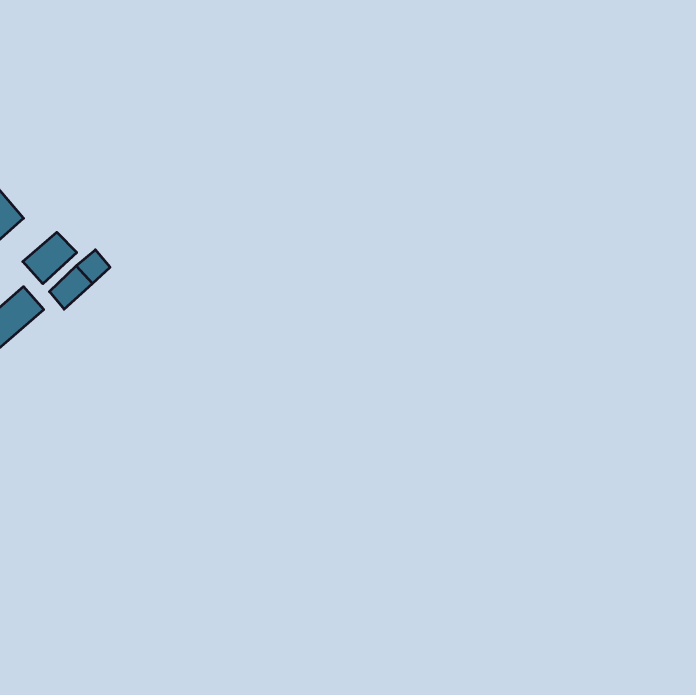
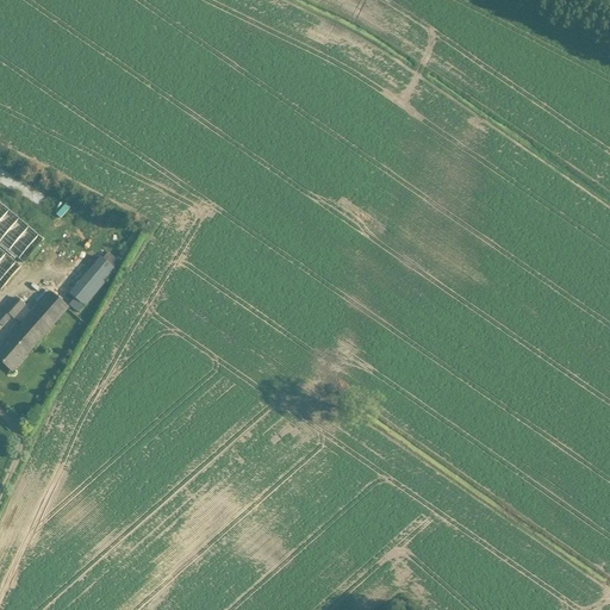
building: [23,232,77,284] -> none

